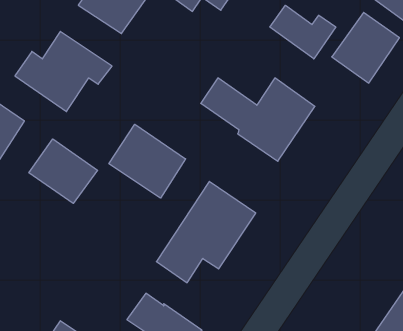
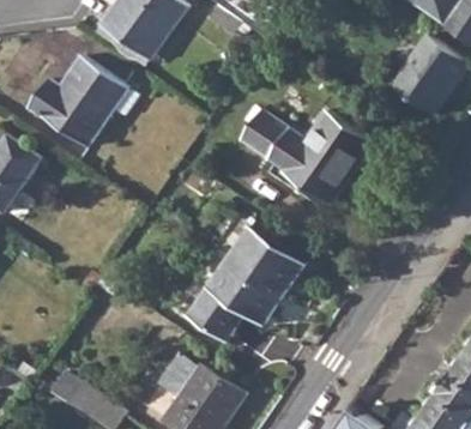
building: [270,5,336,59] -> none
building: [109,124,186,198] -> none
building: [29,139,98,203] -> none

